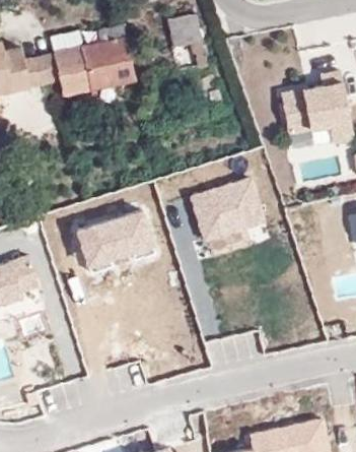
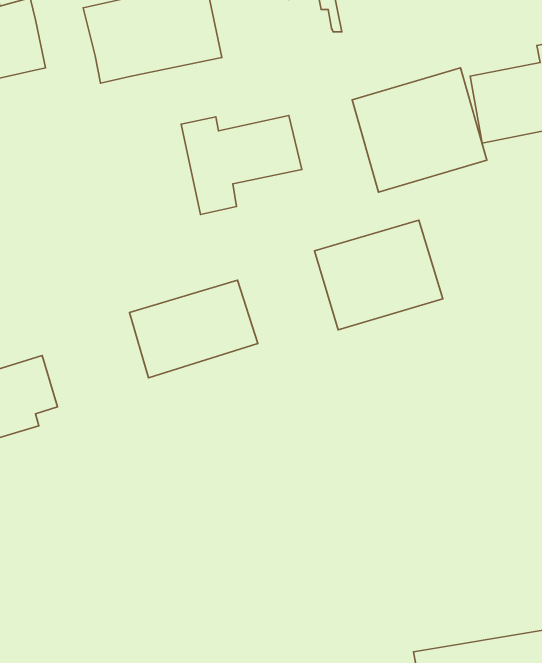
building: [22,52,58,87] -> none
building: none -> [352,68,487,192]
building: none -> [181,116,302,215]

